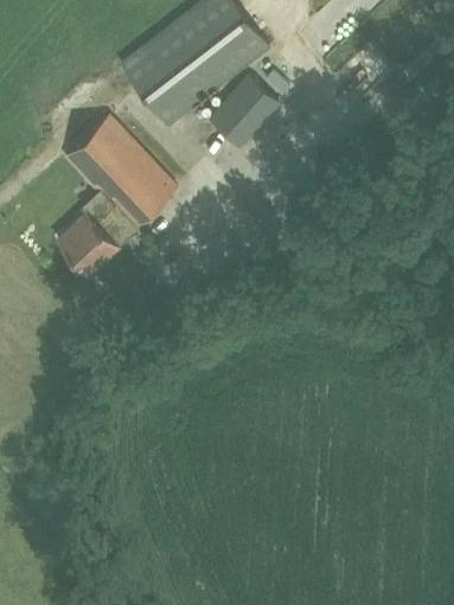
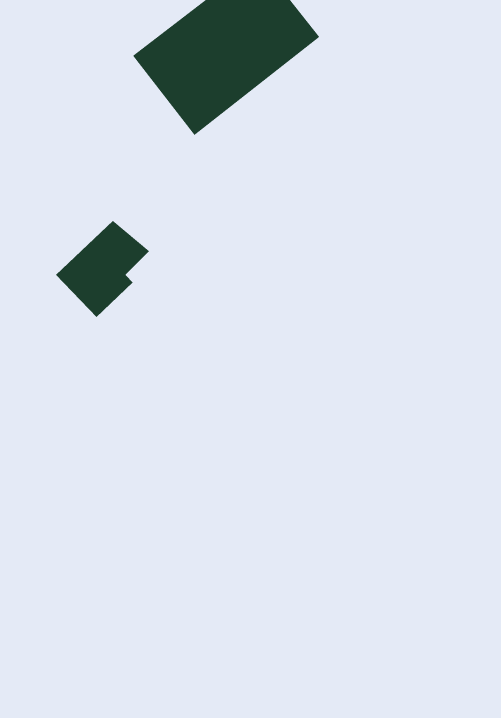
building: [211,75,280,144] -> none
building: [65,114,177,222] -> none

